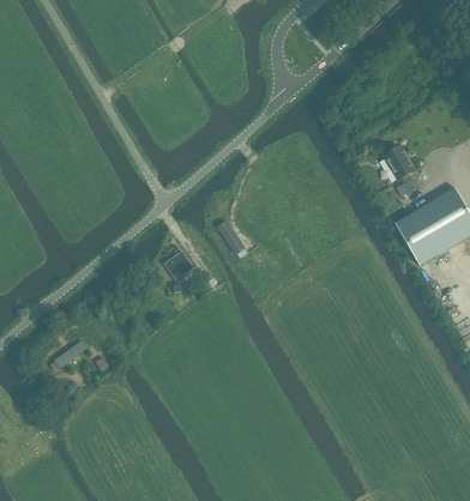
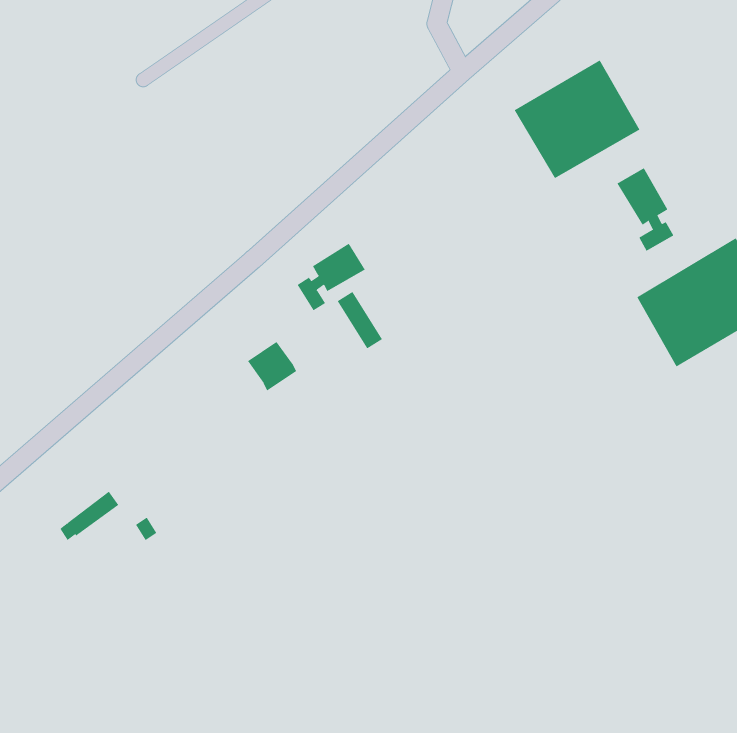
building: none -> [514,59,640,179]
building: none -> [297,243,366,311]

